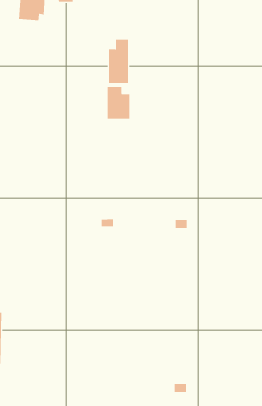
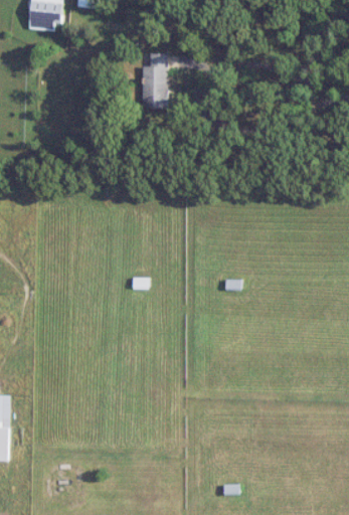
building: [107,86,130,120] -> none

